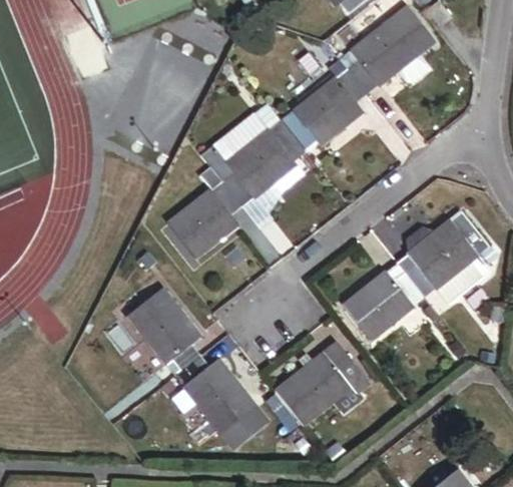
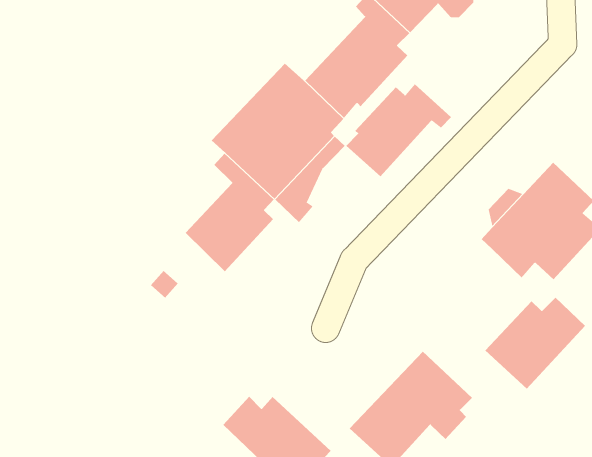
building: none -> [346,84,452,177]
building: [343,272,424,340] -> [485,297,586,390]
building: [127,287,200,375] -> none

